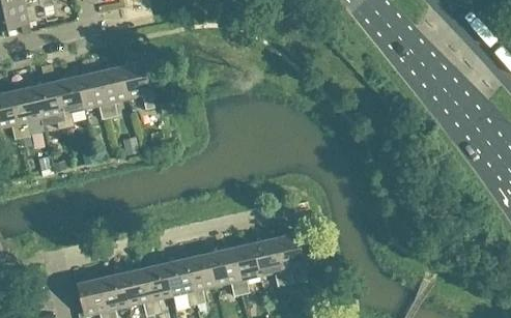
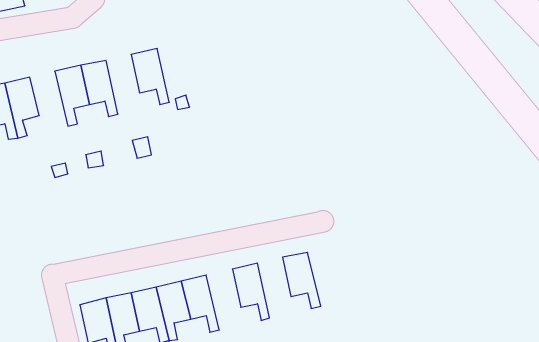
building: [98,66,127,118] -> none
building: [32,81,65,131] -> none
building: [274,233,304,285] -> none
building: [230,242,259,295] -> none
building: [186,253,216,306] -> none

